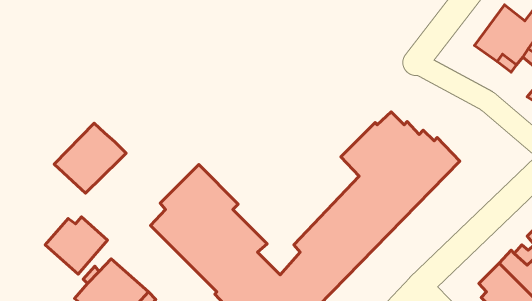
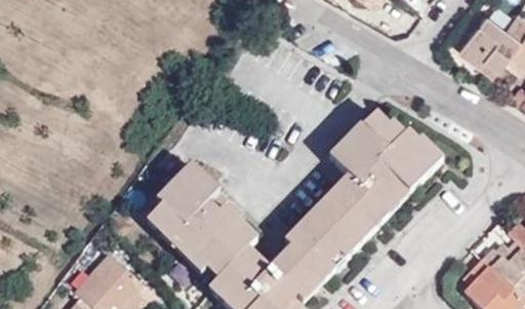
building: [54,123,126,193] -> none
building: [45,217,108,274] -> none

